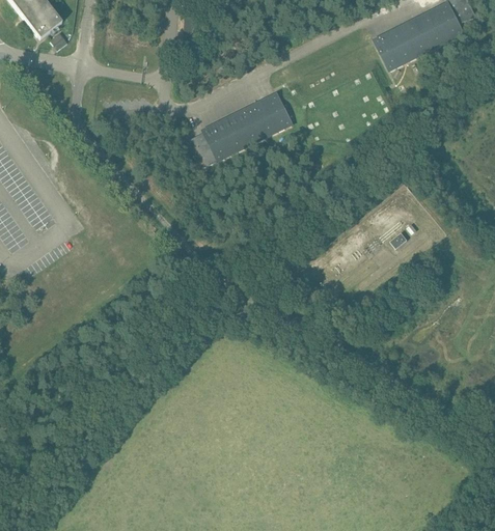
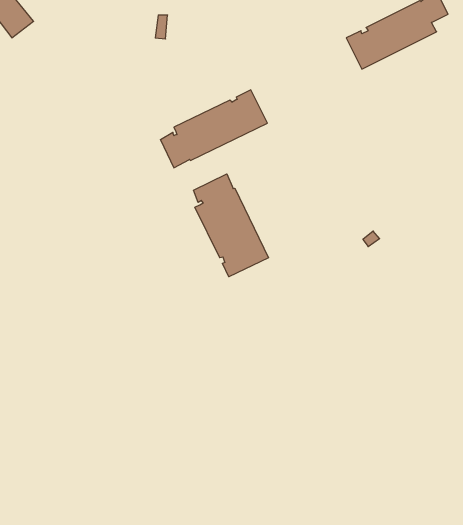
building: none -> [194,174,268,277]

